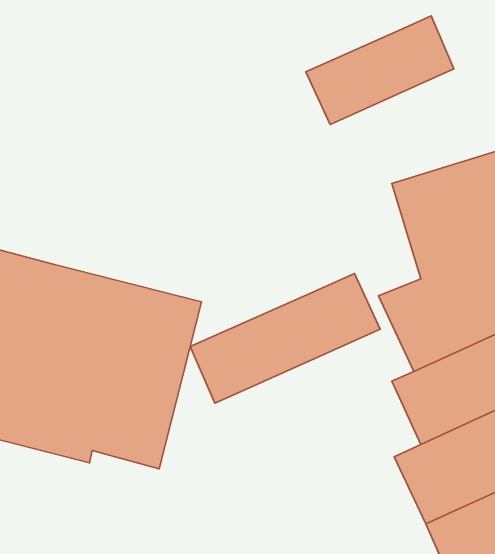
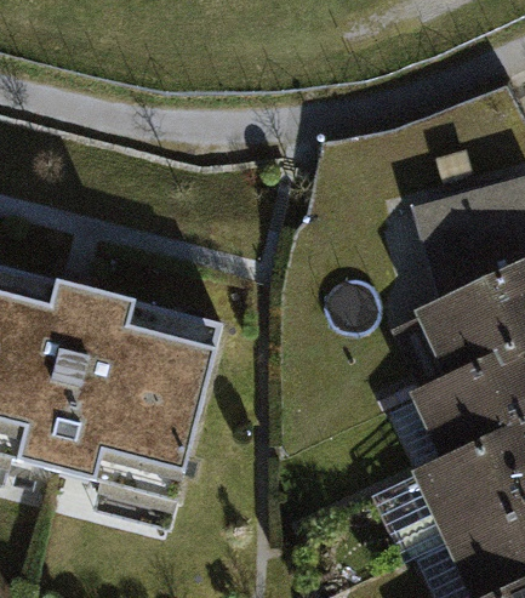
building: [306,16,454,125] -> none
building: [190,273,380,403] -> none

